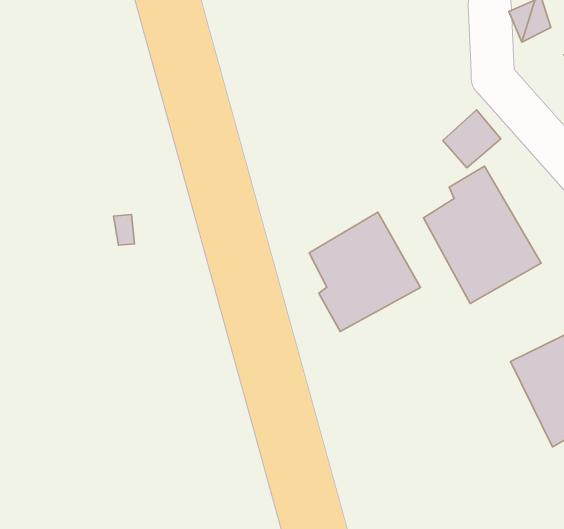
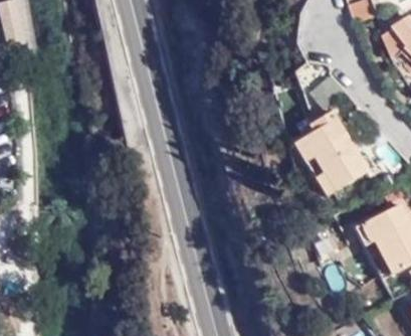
building: [309,212,421,332] -> none

